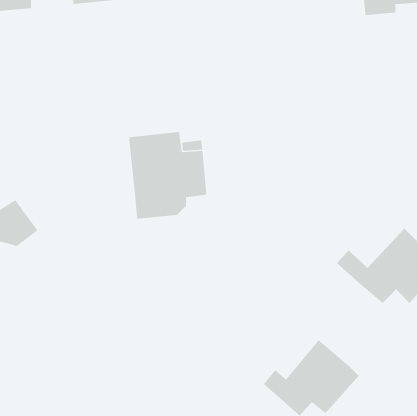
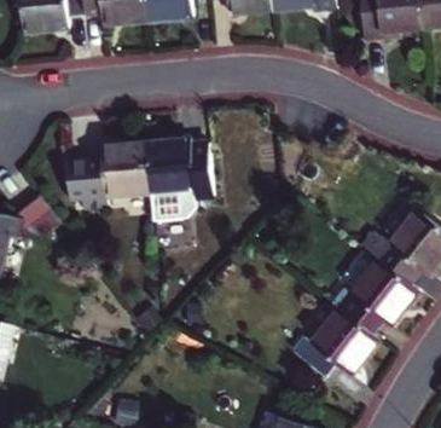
building: none -> [81,143,159,209]
building: none -> [315,278,401,345]

